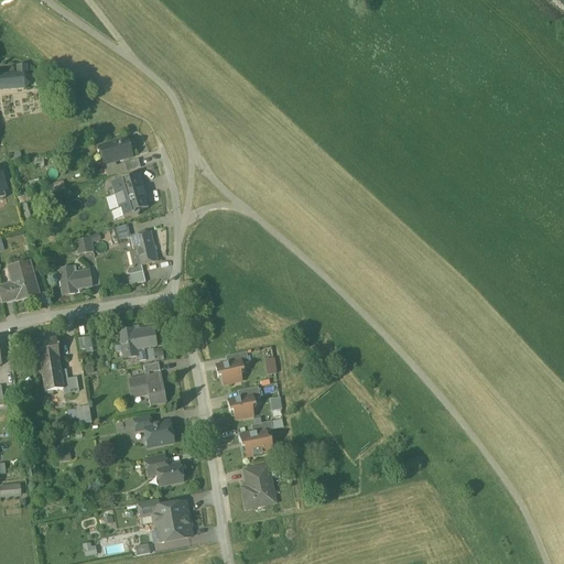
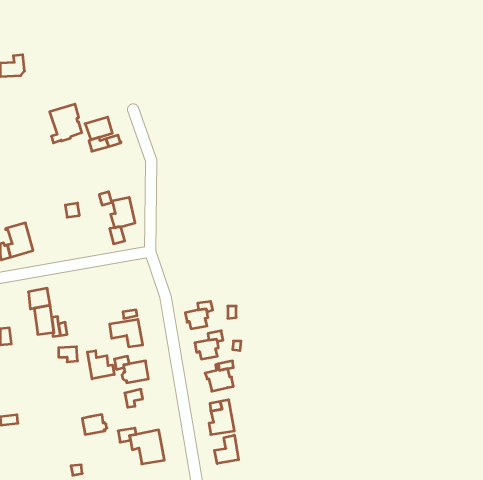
building: [110,173,148,218] -> [50,104,82,143]
building: [58,265,91,294] -> none
building: [119,326,155,356] -> none
building: none -> [87,351,114,379]
building: [156,463,185,486] -> [82,415,107,434]
building: none -> [214,435,239,464]

